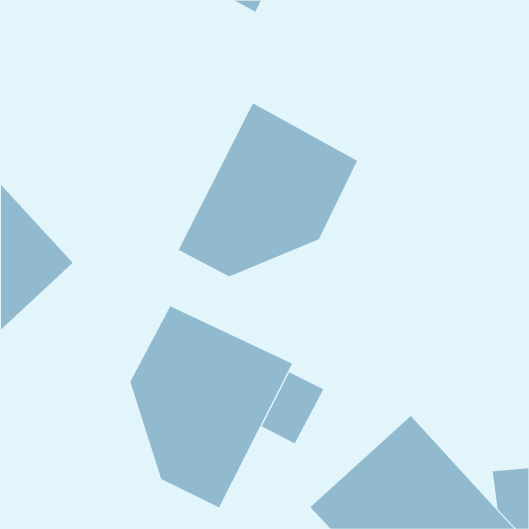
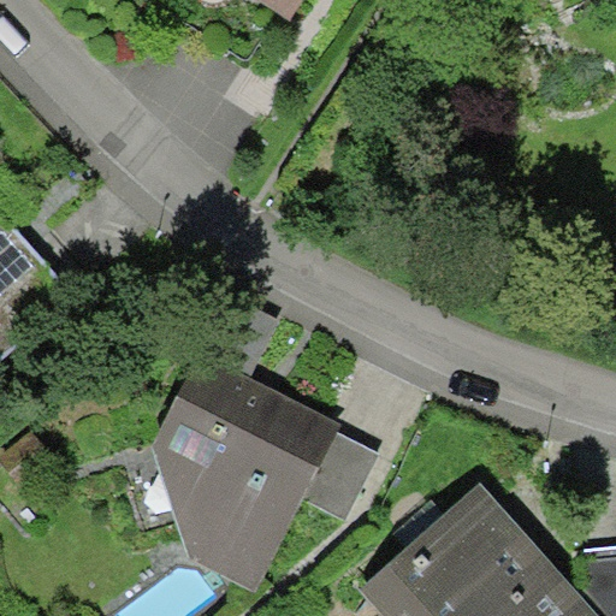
building: [178,103,358,277] -> none

